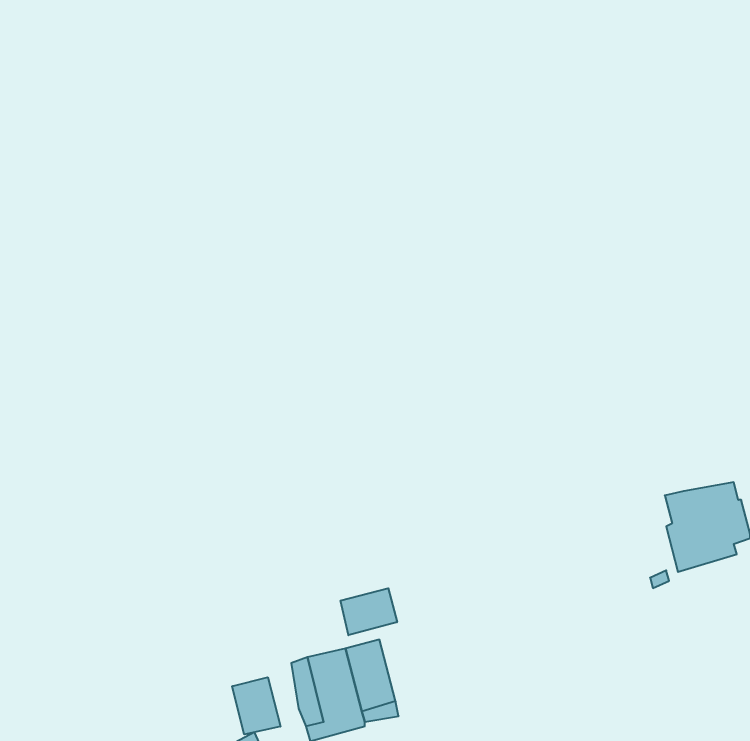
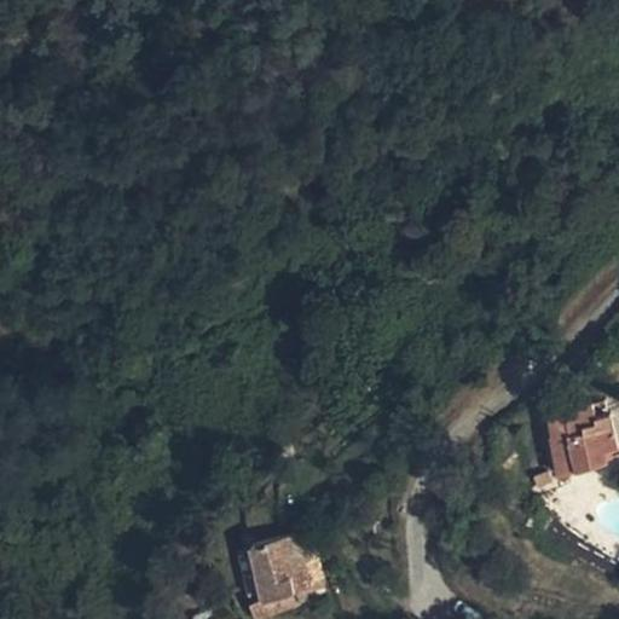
building: [341,588,397,635] -> none
building: [232,677,280,734] -> none

